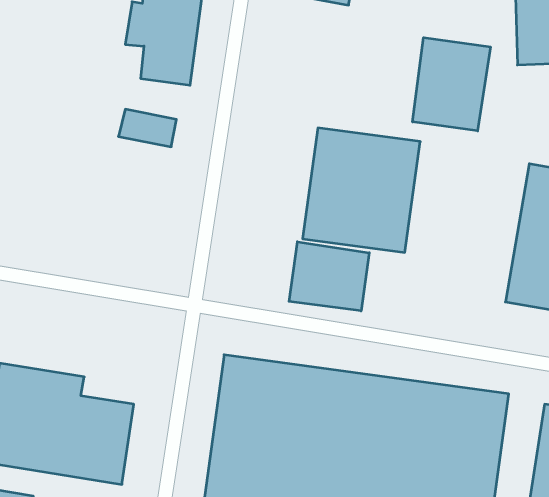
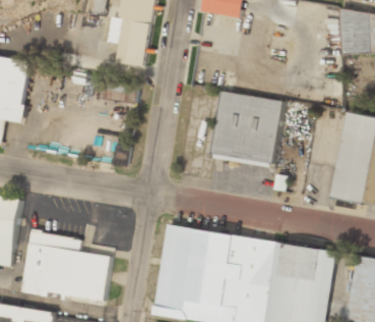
building: [413,38,490,131] -> none
building: [289,242,369,311] -> none

